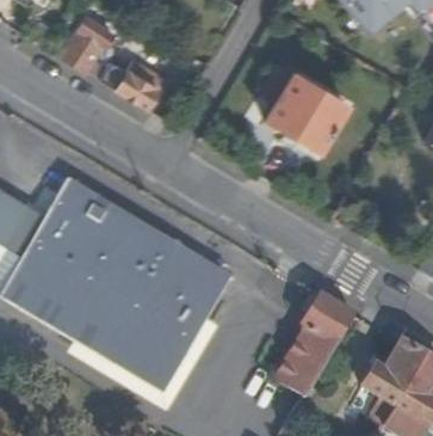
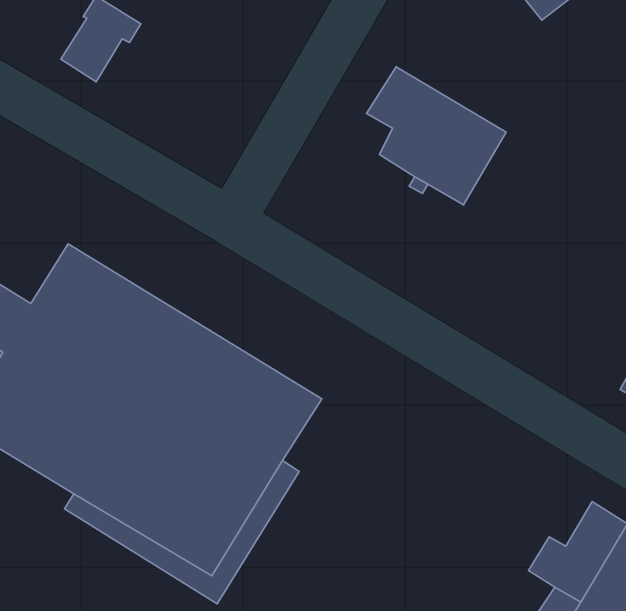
building: [100,63,163,111] -> none
building: [278,293,353,394] -> none

